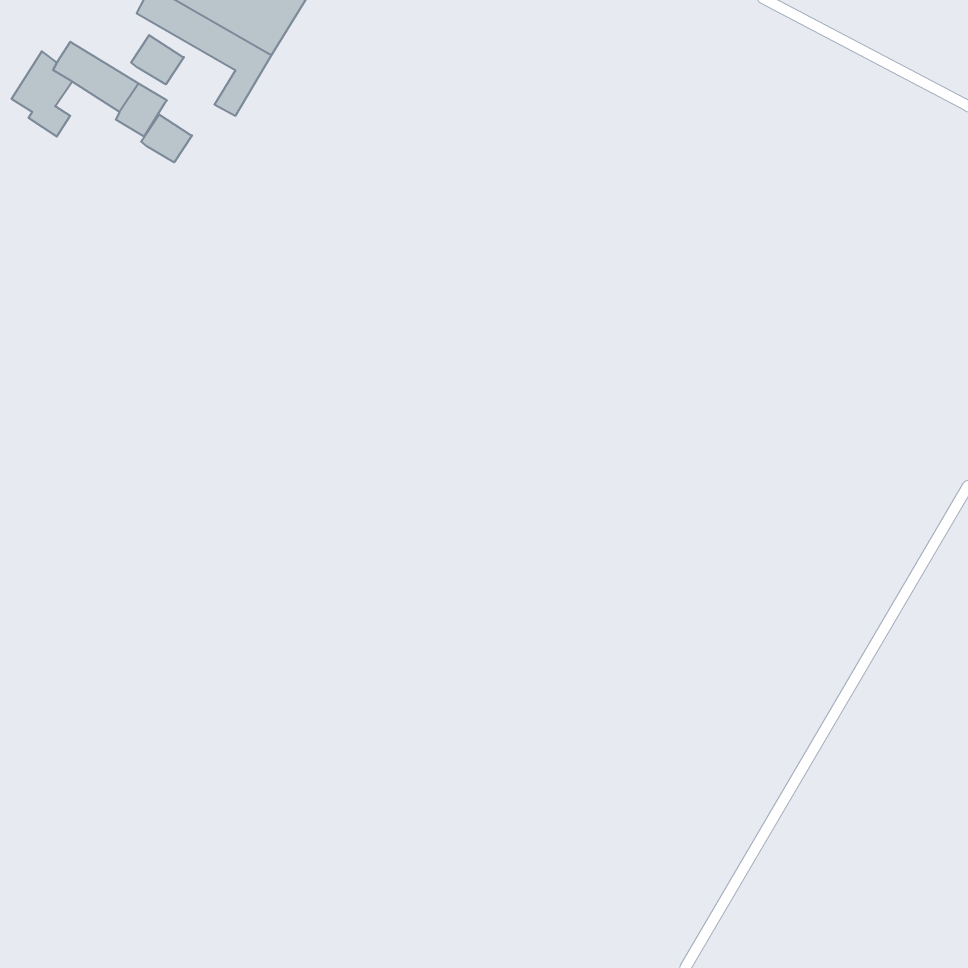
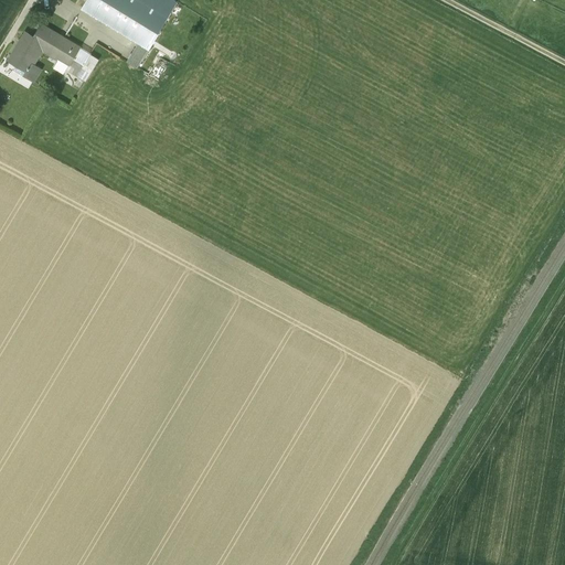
building: [131,35,184,84] -> none
building: [141,114,192,162] -> none

